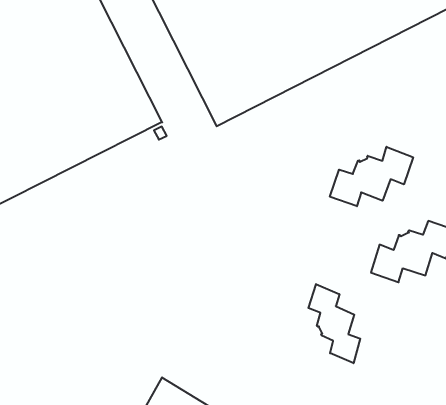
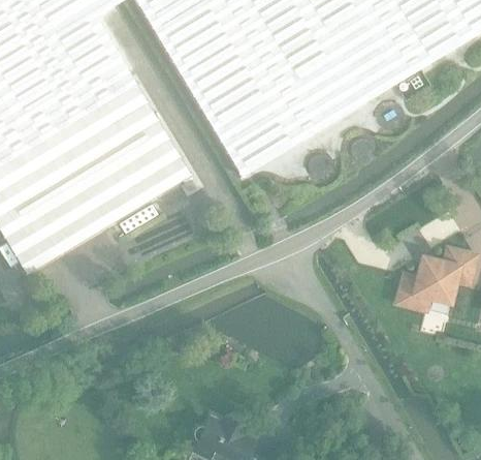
building: [330,147,413,206] -> none
building: [308,284,360,363] -> none

